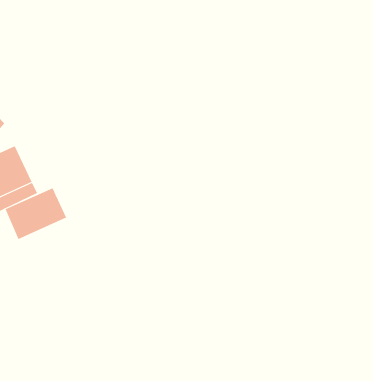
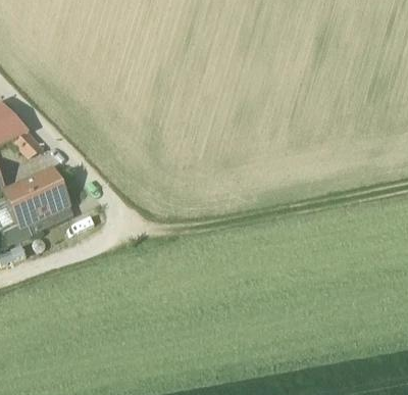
building: [5,188,67,240] -> none

